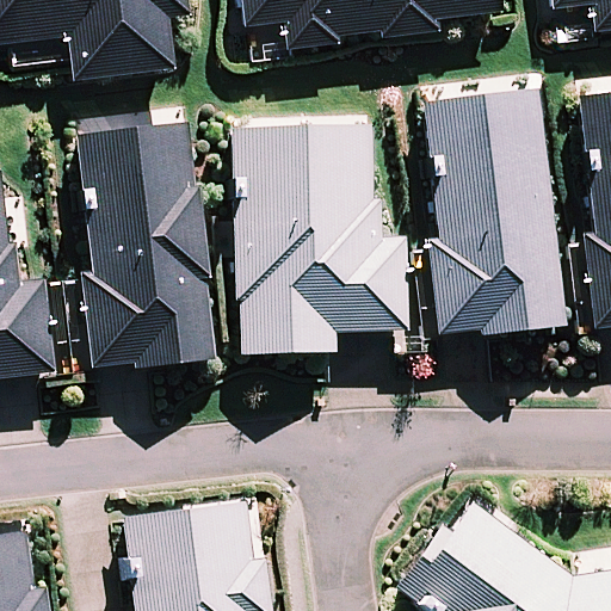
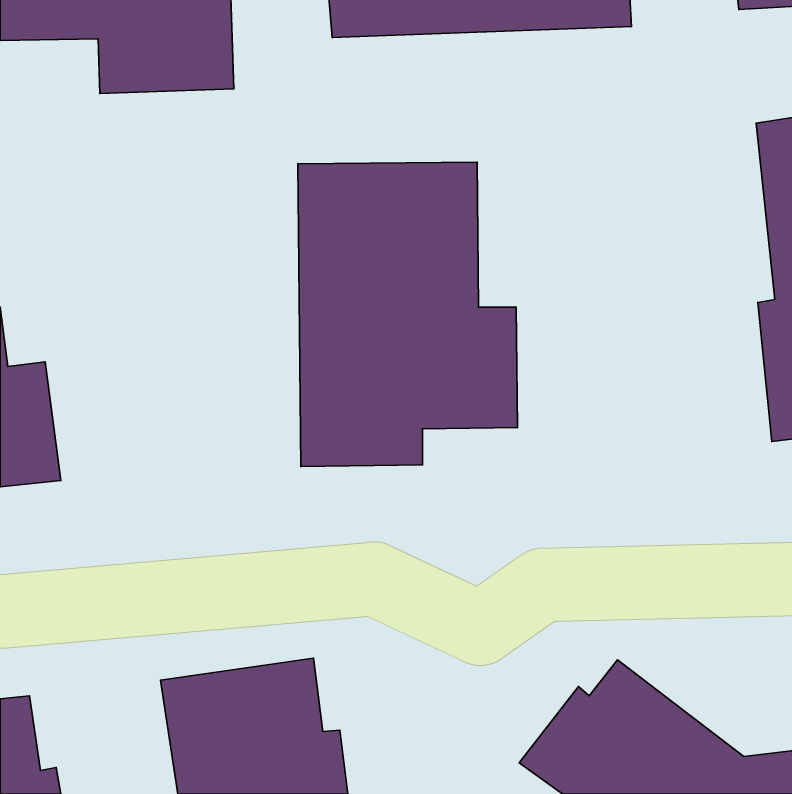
building: [428,91,560,345] -> none
building: [78,119,218,372] -> none

